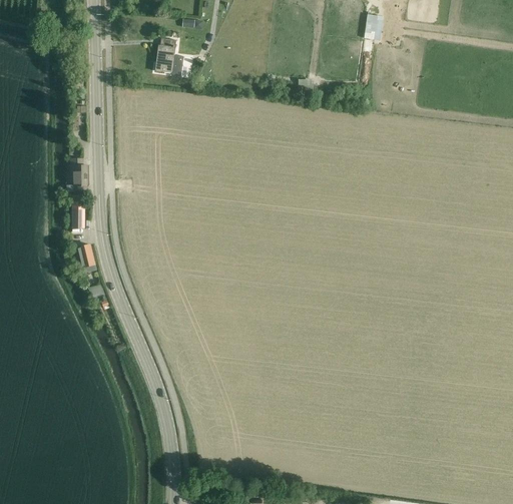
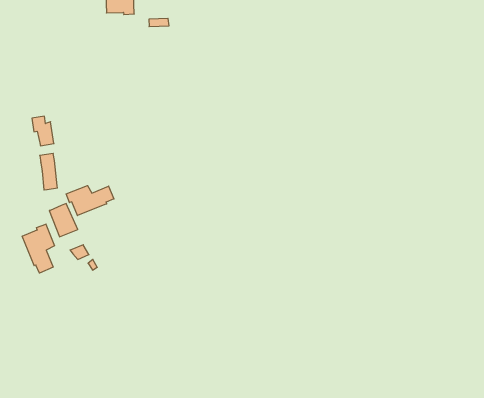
building: none -> [66,186,114,216]
building: none -> [22,224,54,273]

